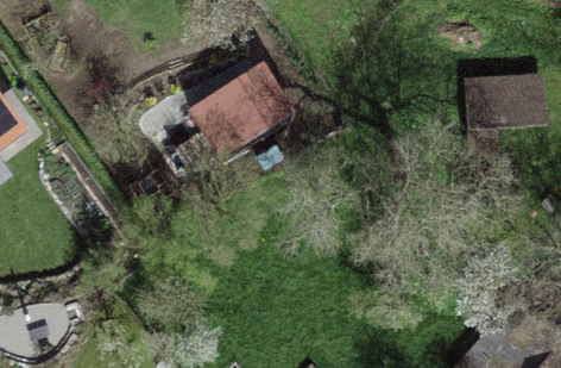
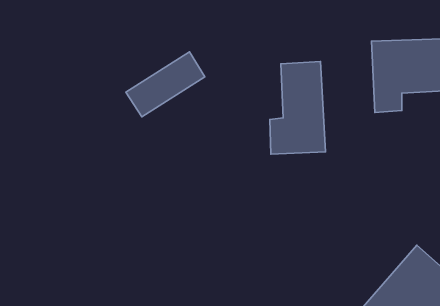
building: none -> [270,62,325,154]

